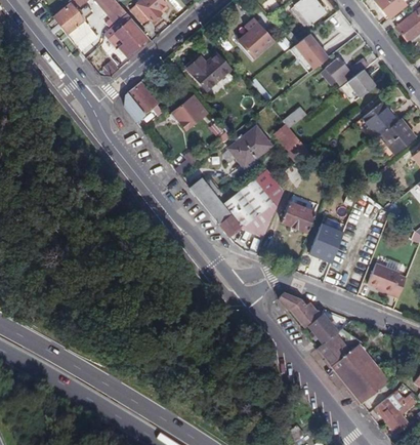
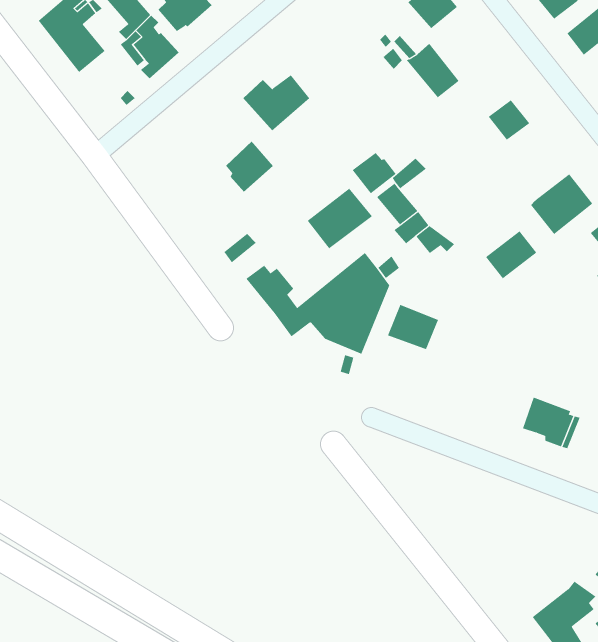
building: [237,17,274,58] -> none
building: [325,57,369,86] -> none
building: [123,81,159,122] -> none
building: [366,104,400,135] -> [485,231,537,279]
building: none -> [352,152,397,194]
building: [309,218,344,261] -> none
building: [278,292,385,403] -> none

